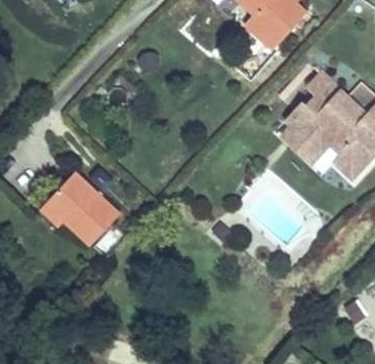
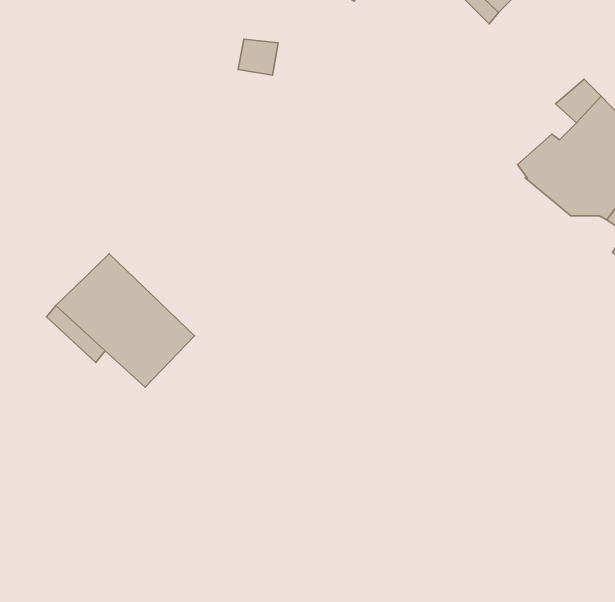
building: [280,126,332,169] -> none

